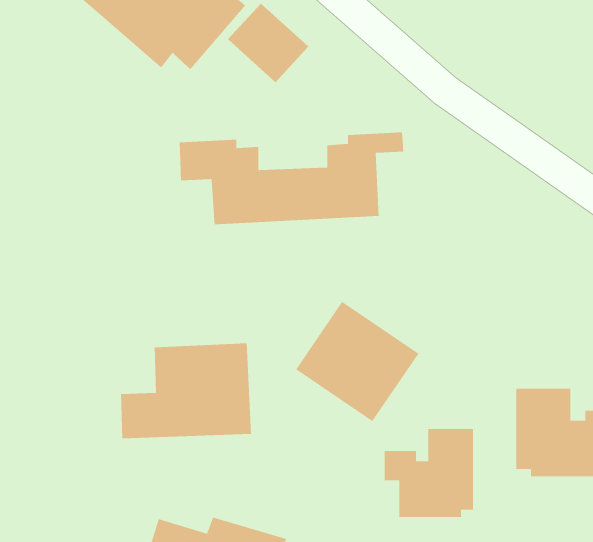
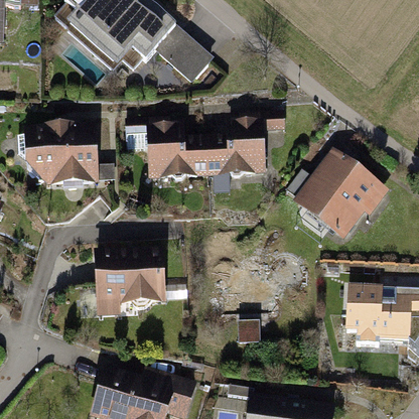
building: none -> [23,126,93,181]
building: [295,301,419,422] -> [295,151,381,235]
building: [384,428,474,518] -> none

